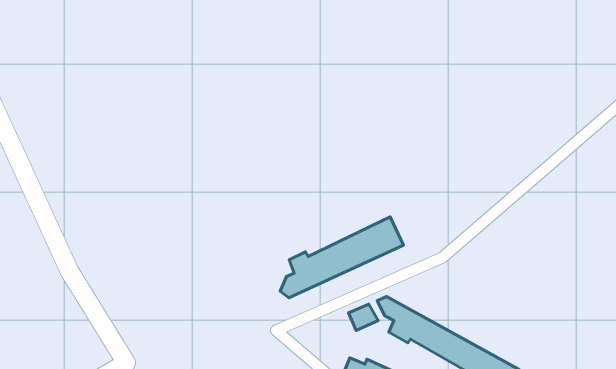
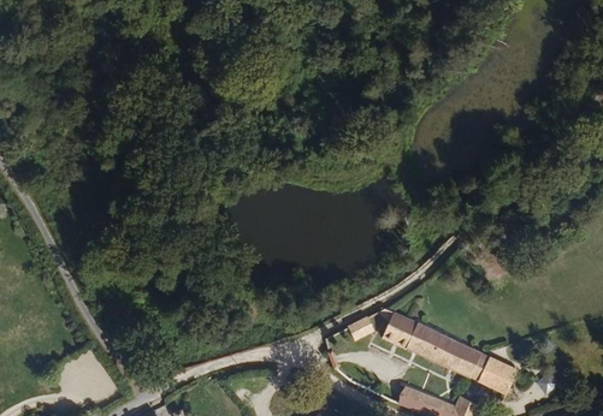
building: [280,217,404,298] -> none

